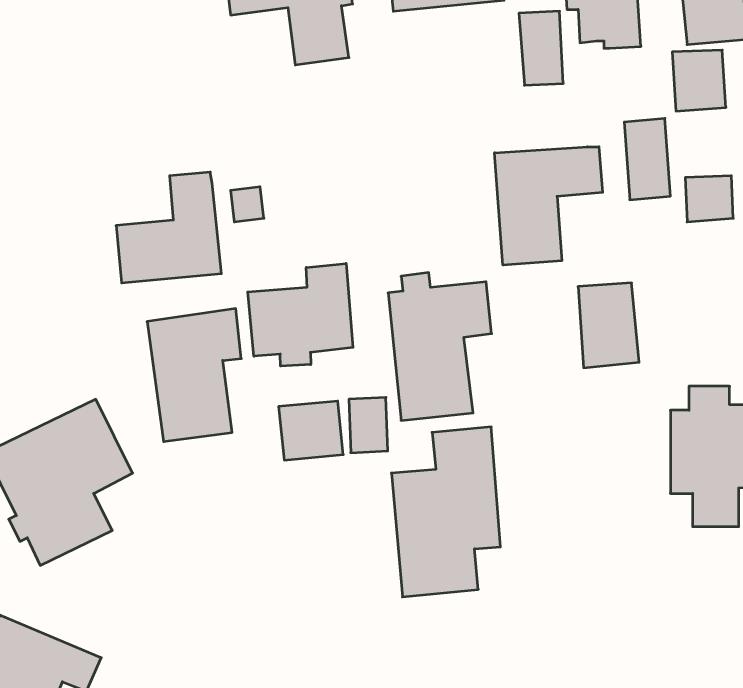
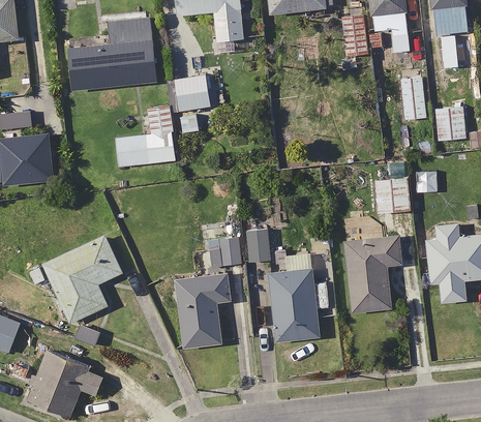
building: none -> [68,18,156,91]
building: none -> [167,74,210,111]
building: [495,147,603,265] -> none
building: [248,263,353,366] -> none
building: [388,273,492,420] -> [344,230,402,312]
building: [147,309,241,442] -> [175,273,228,348]

